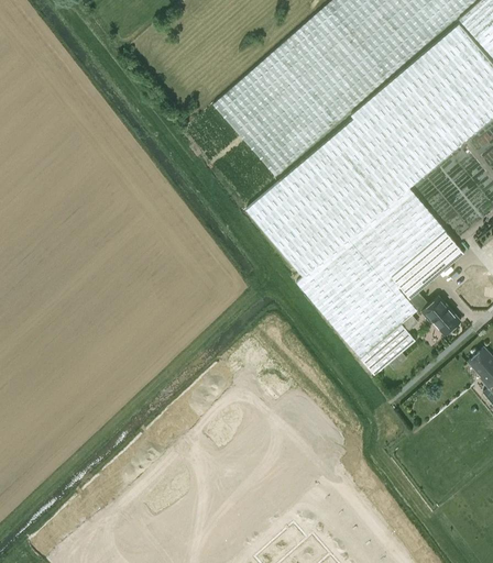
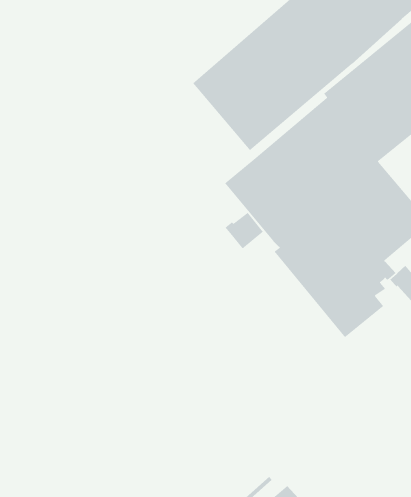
building: none -> [224,212,264,250]

